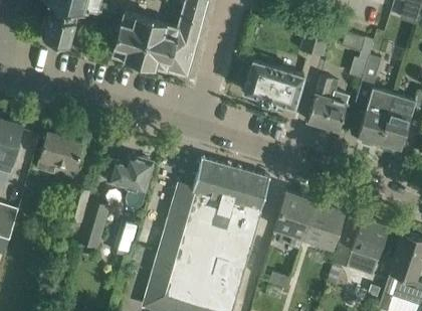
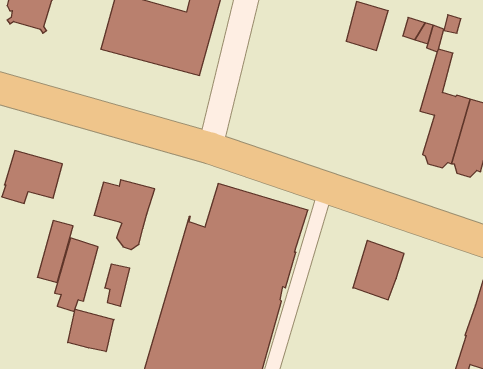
building: [243,58,304,116] -> none
building: [307,76,350,132] -> none
building: [275,193,315,252] -> none
building: [329,214,389,285] -> none
building: none -> [68,309,114,352]

